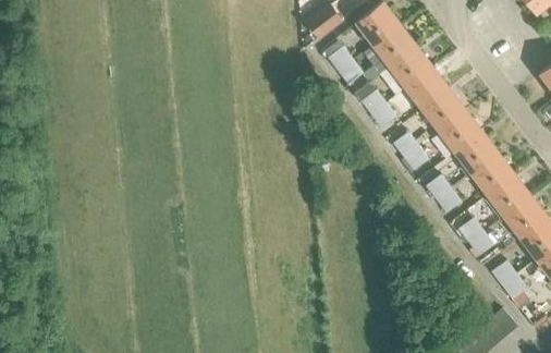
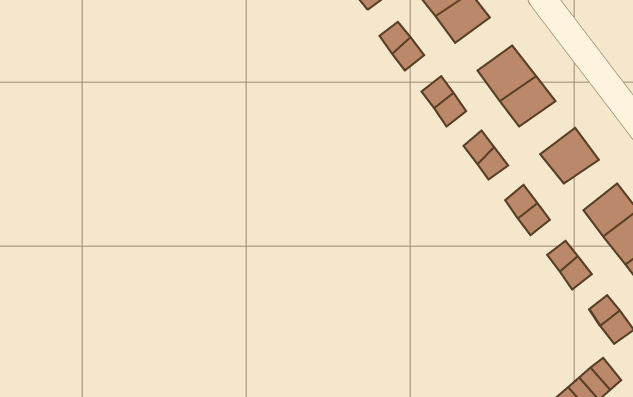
building: [387,44,431,85] -> none
building: [437,109,480,150] -> none
building: [472,155,513,194] -> none

